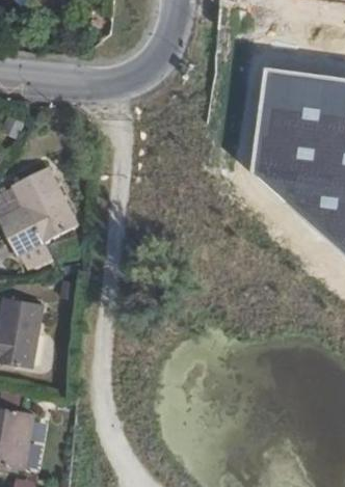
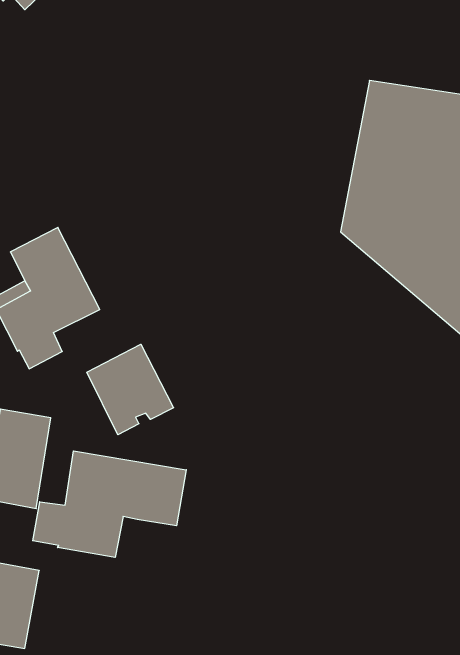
building: none -> [87,344,174,435]
building: none -> [33,451,186,557]

